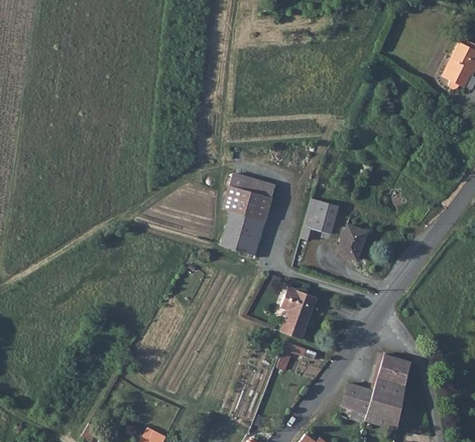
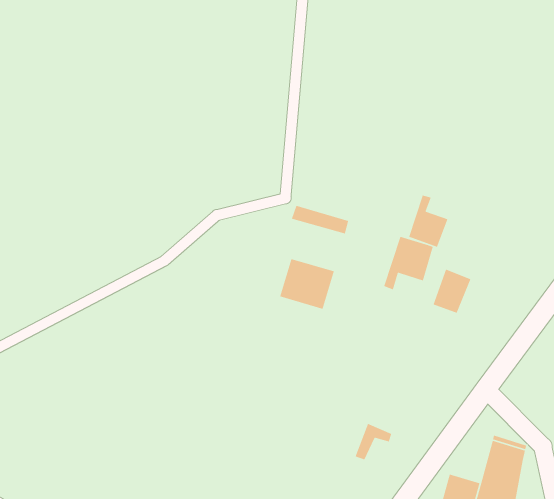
building: none -> [408,194,448,248]
building: [222,185,270,226] -> none
building: [279,287,316,339] -> none

